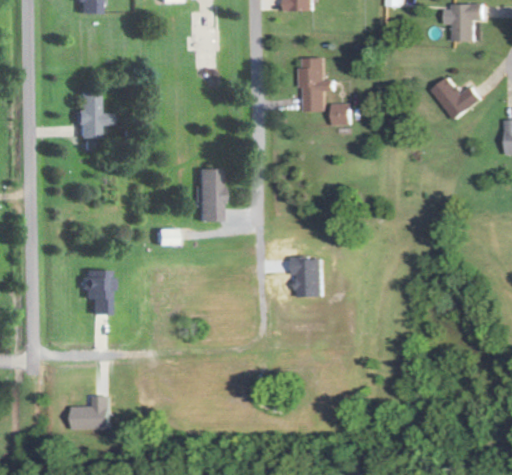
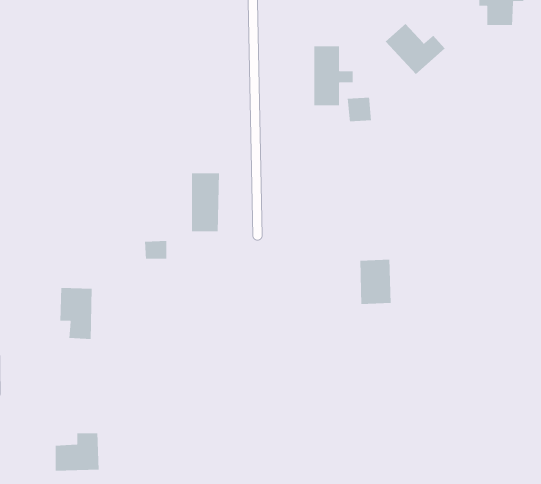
building: [430,76,483,121] -> [385,23,446,75]
building: [75,91,109,138] -> none
building: [297,257,325,297] -> [359,259,391,305]

